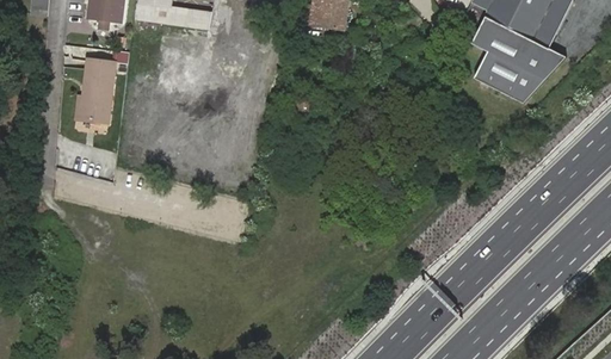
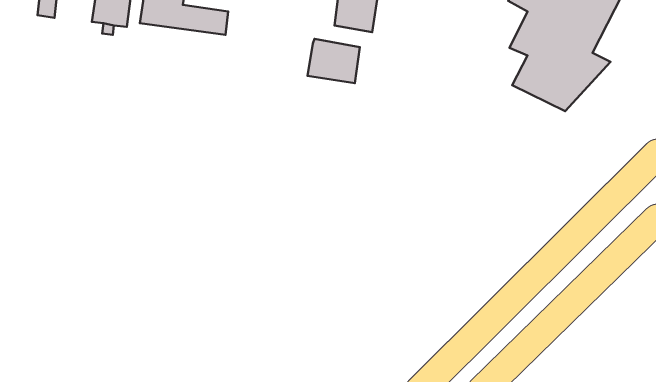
building: none -> [308,39,360,83]
building: [82,57,116,118] -> none

